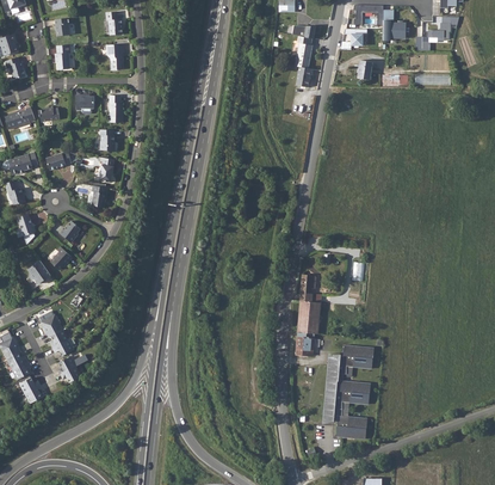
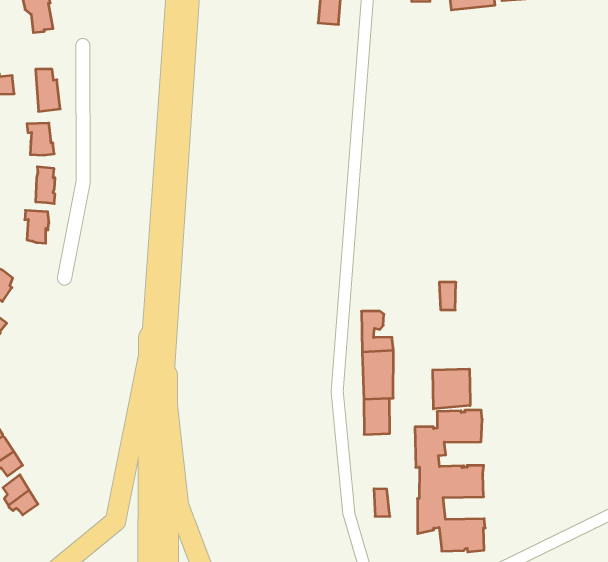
building: none -> [433,369,470,409]

